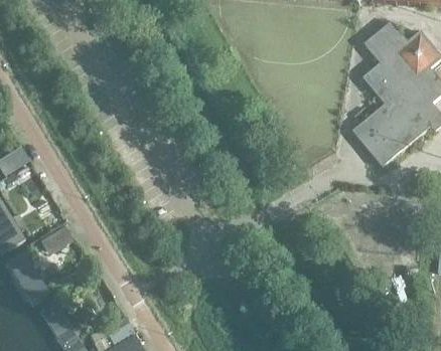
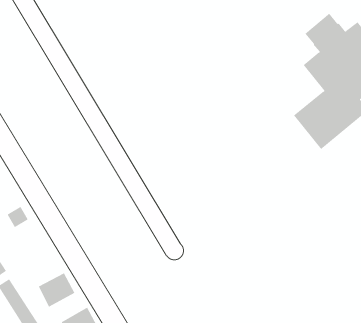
building: none -> [38,273,75,308]

